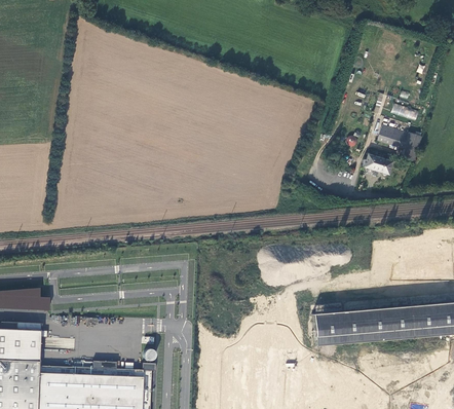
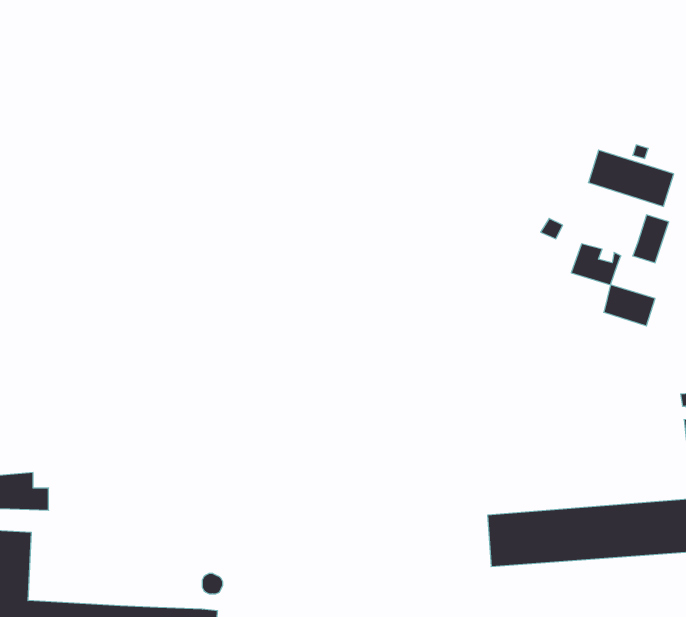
building: [377,124,408,149] -> [604,285,655,326]

